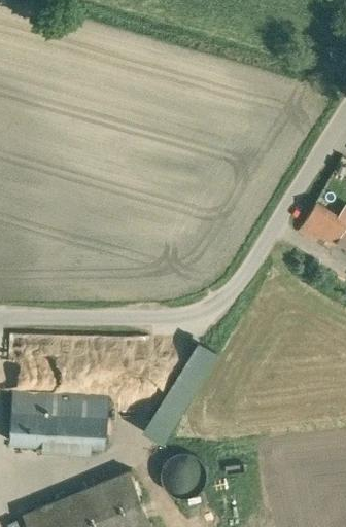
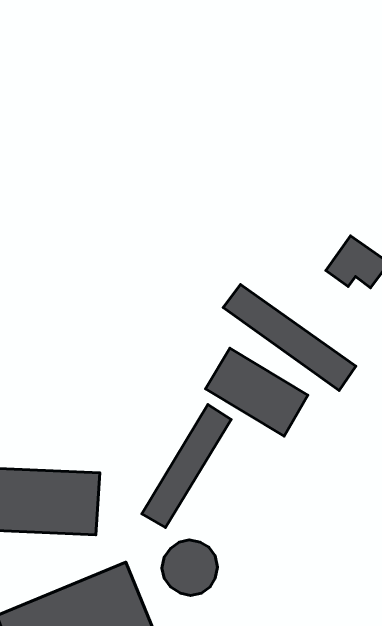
building: none -> [223,285,356,390]
building: none -> [205,348,308,436]

